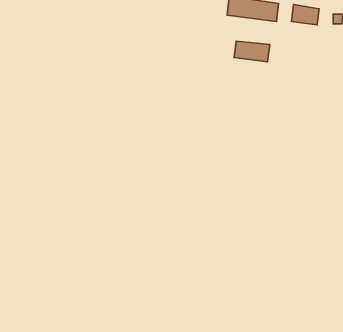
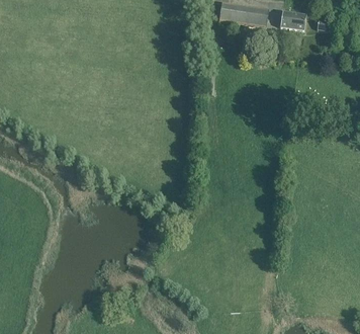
building: [234,41,270,62] -> none

